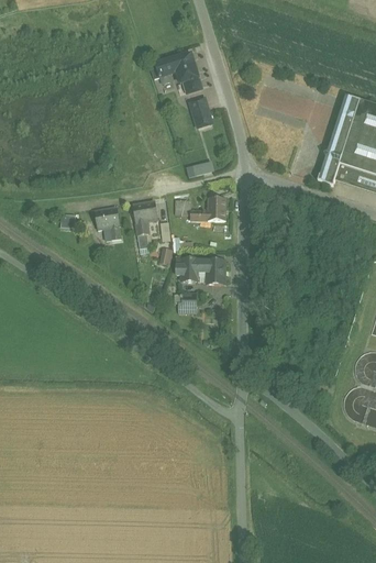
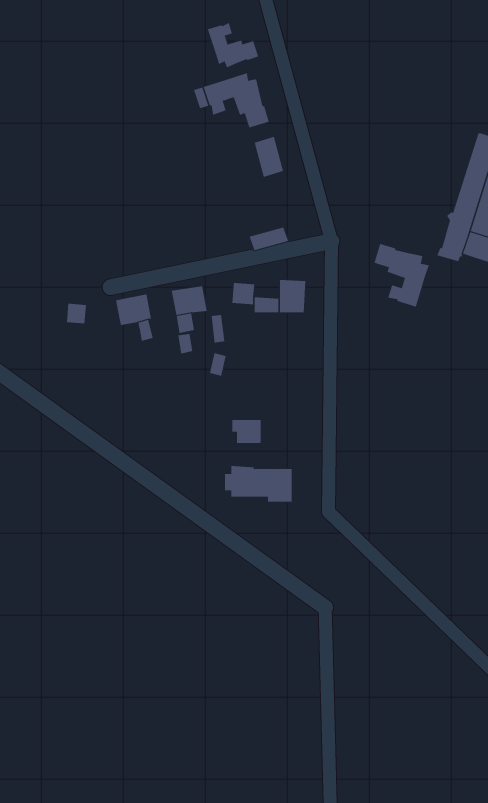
building: none -> [207,22,259,68]
building: none -> [374,243,429,308]
building: [177,258,224,284] -> [224,465,293,502]

